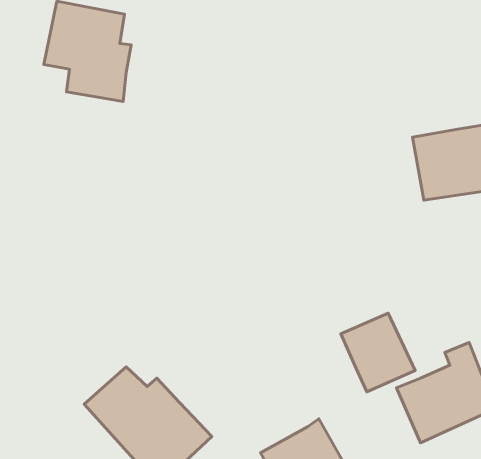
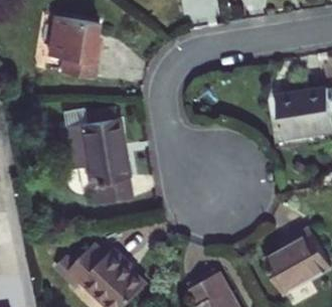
building: none -> [61,118,129,204]
building: [341,313,415,392] -> none

